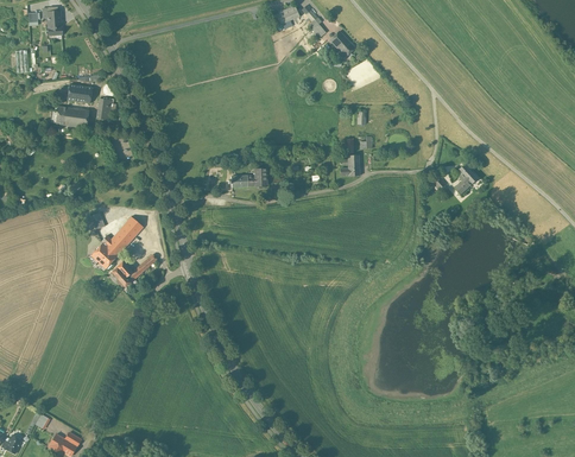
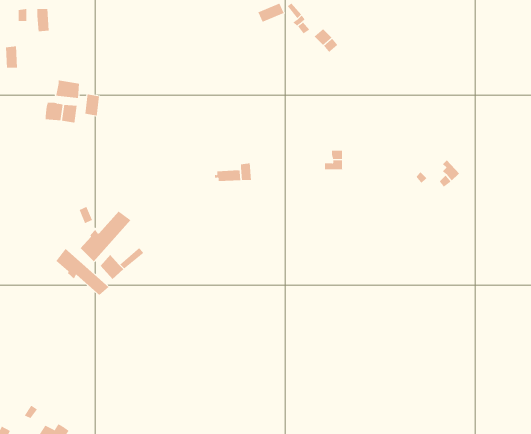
building: none -> [56,248,110,296]

